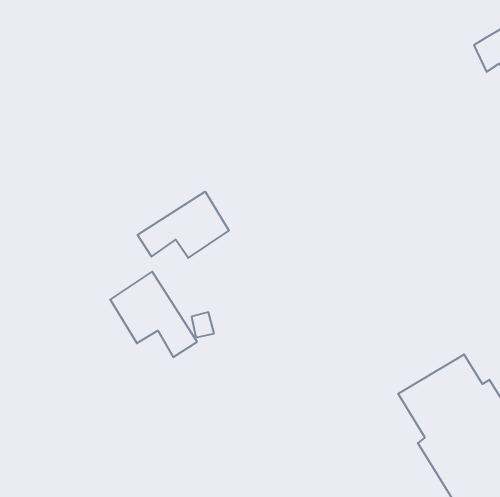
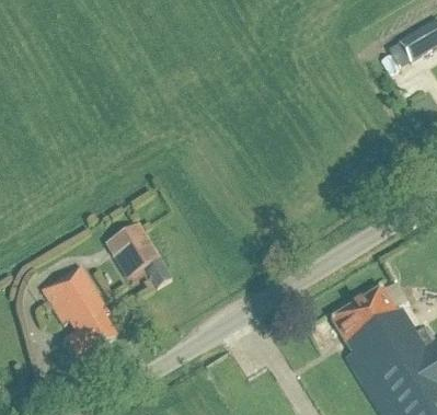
building: [138,192,229,258] -> none
building: none -> [43,265,118,359]

